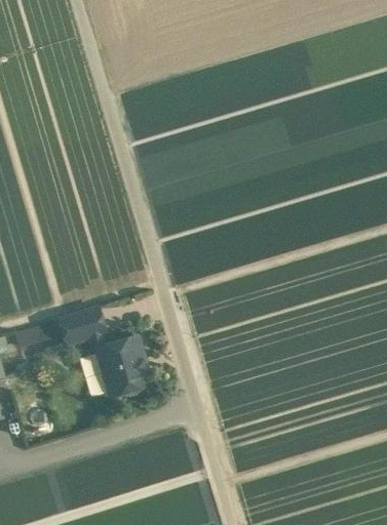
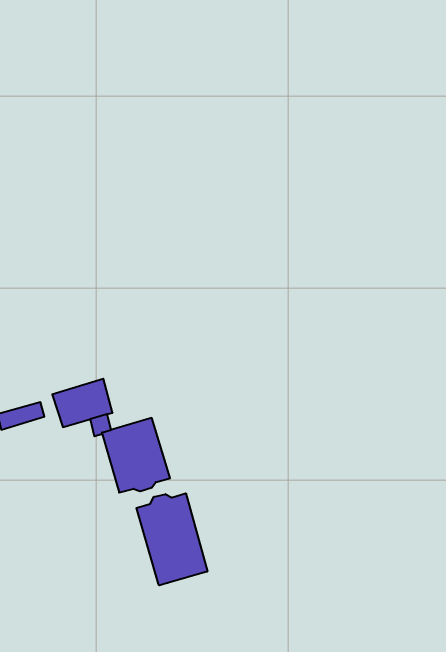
building: none -> [136,493,207,585]

